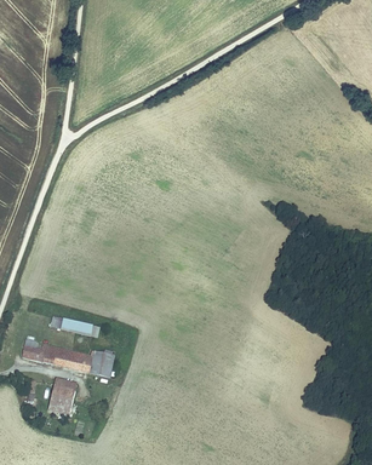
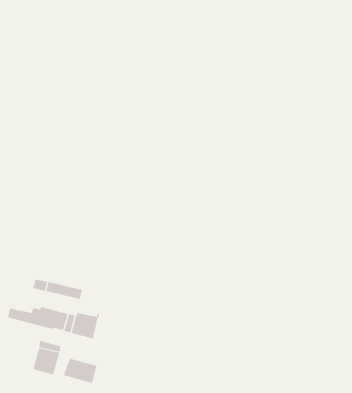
building: none -> [63,358,97,384]

